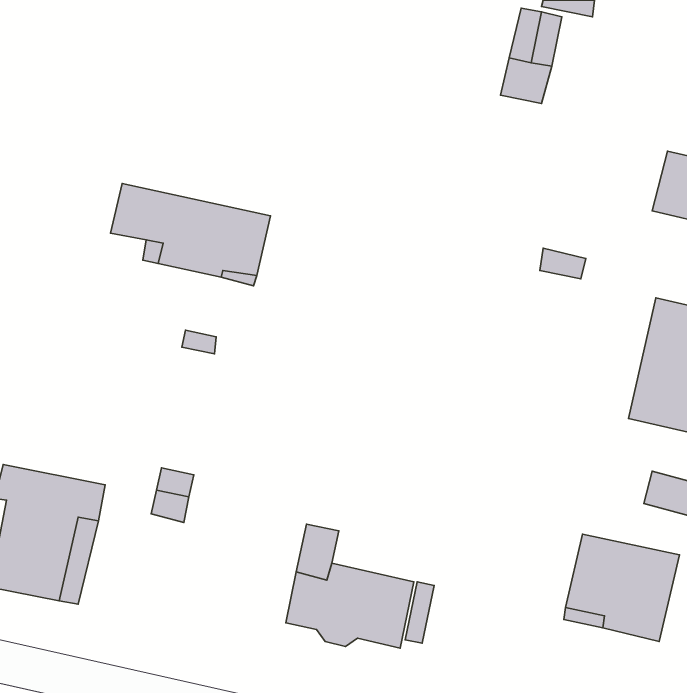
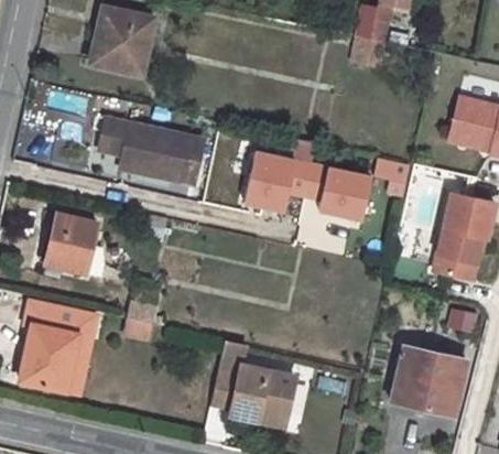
building: none -> [90,8,154,75]
building: none -> [242,147,372,215]
building: none -> [45,214,105,278]

